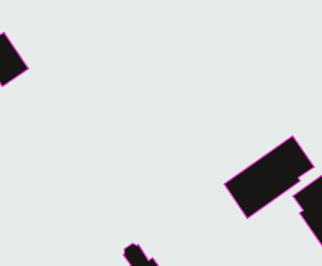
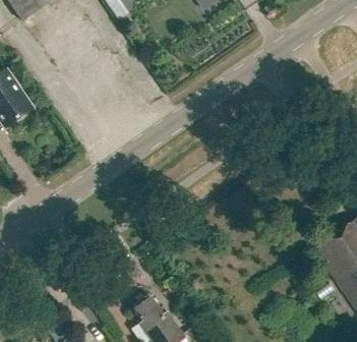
building: [224,136,314,218] -> none

